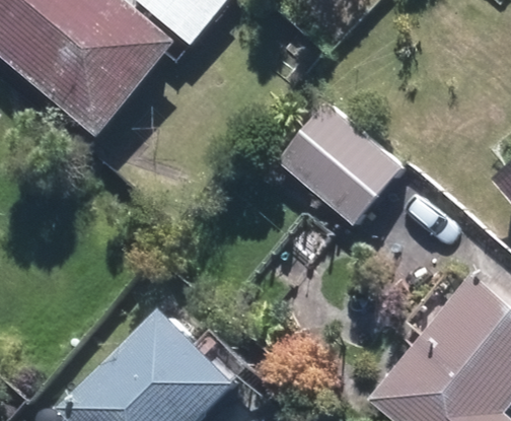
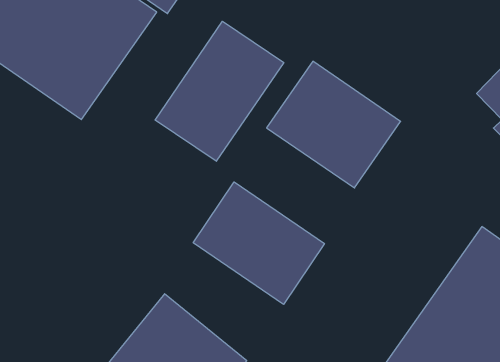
building: none -> [155,21,284,161]
building: none -> [193,182,324,304]

